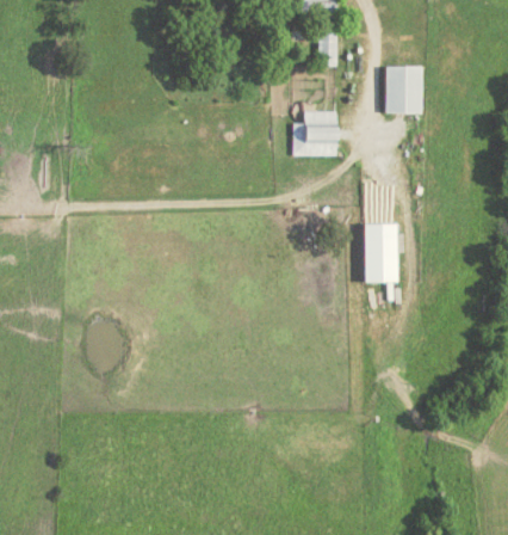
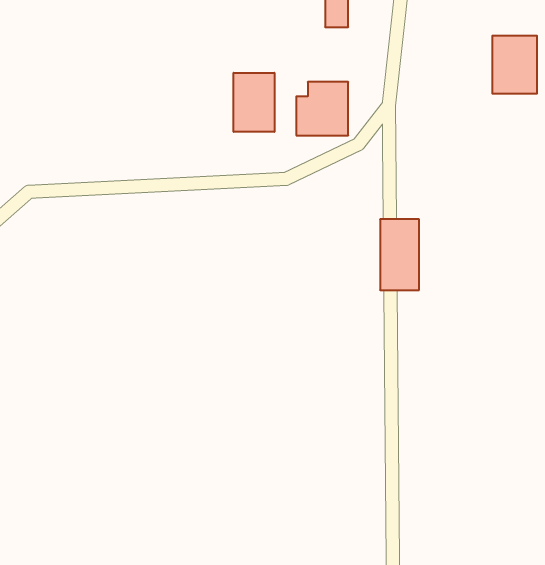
building: [385,67,422,115] -> [492,36,537,94]
building: none -> [234,73,274,132]

